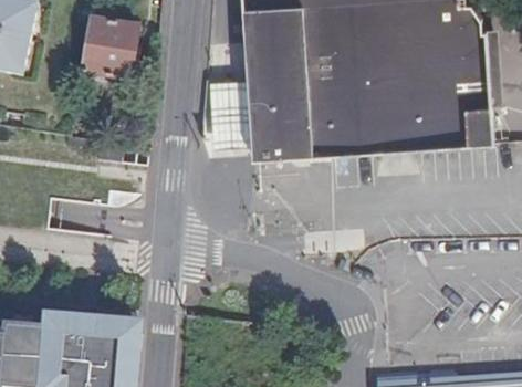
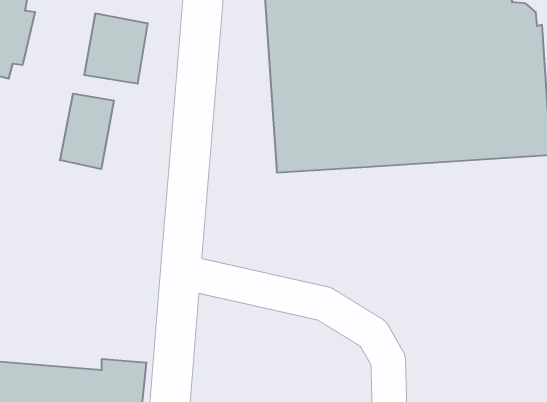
building: none -> [60,94,114,169]

